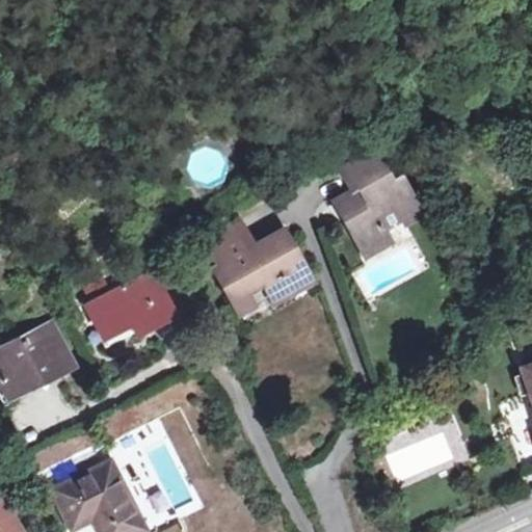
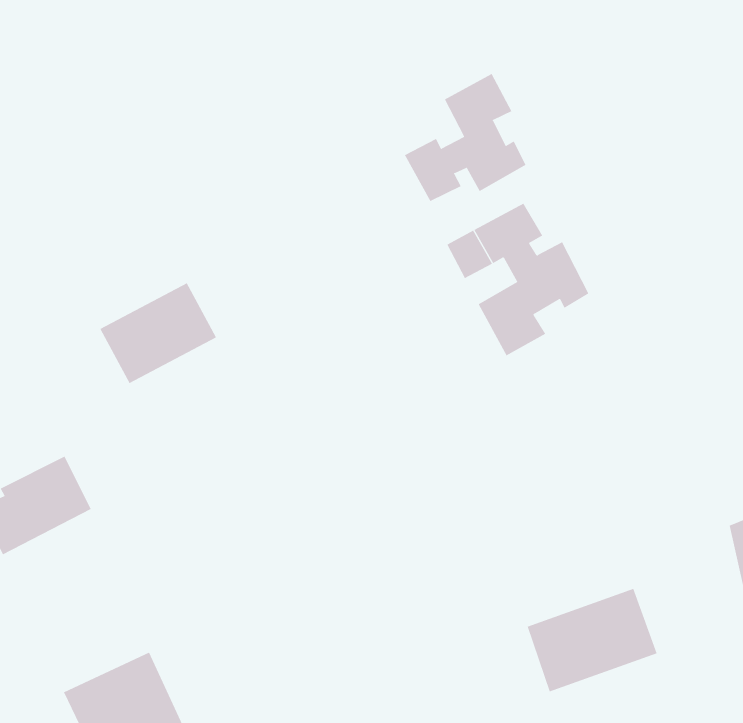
building: none -> [404,73,526,202]
building: [207,222,312,299] -> none
building: [90,272,172,343] -> [100,283,217,384]

